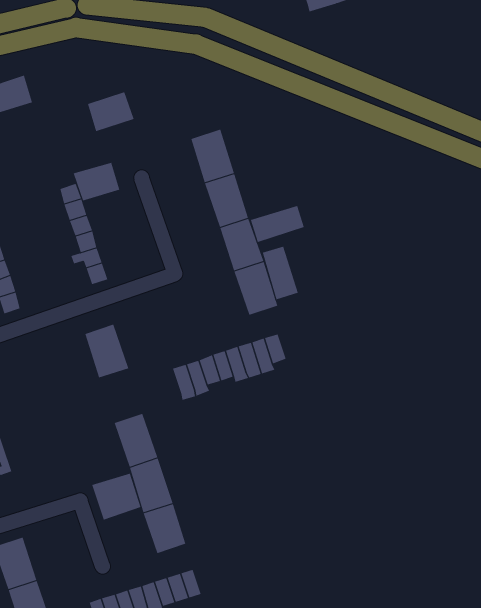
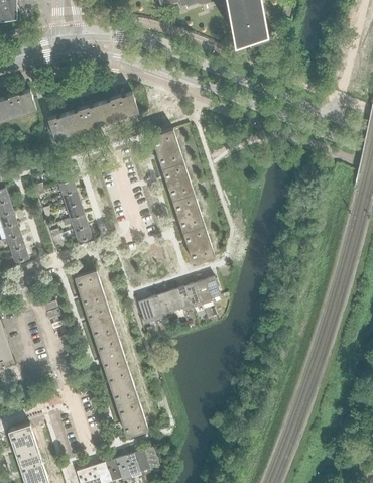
building: none -> [103,92,138,121]
building: [73,162,120,201] -> [47,110,82,138]
building: [250,205,304,243] -> none
building: [262,246,298,300] -> none
building: none -> [84,301,116,341]
building: [91,473,141,521] -> none

